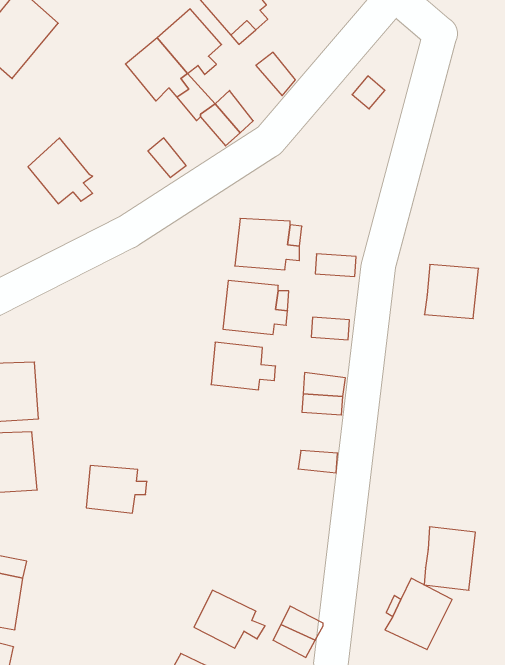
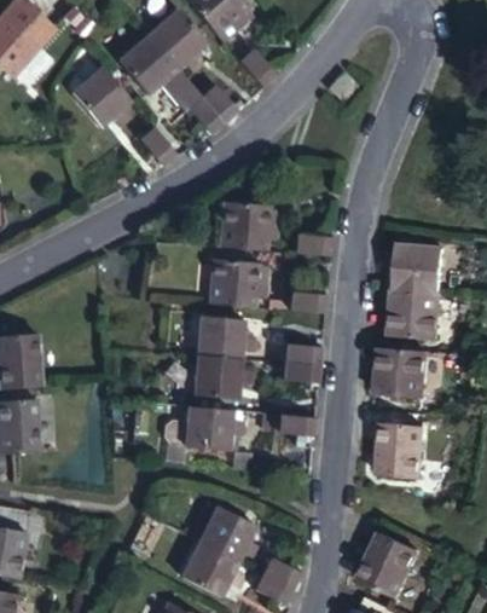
building: [28,138,93,204] -> [73,66,132,127]
building: none -> [388,290,437,341]
building: none -> [376,348,427,398]
building: none -> [192,354,253,399]
building: [86,466,147,513] -> [185,407,240,451]
building: [424,527,475,590] -> [377,421,424,479]
building: none -> [198,507,259,562]

